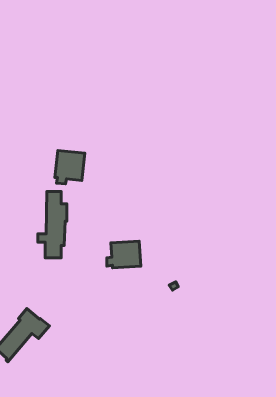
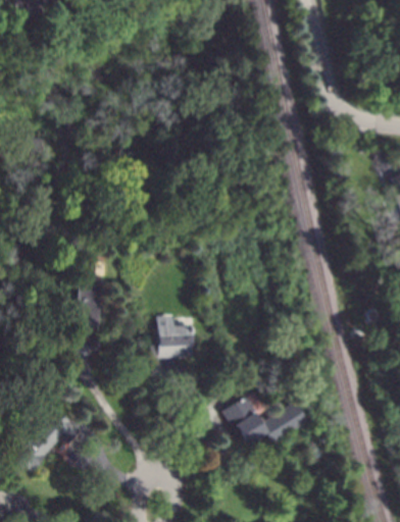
building: [55,150,85,184] -> none
building: none -> [223,393,309,443]

